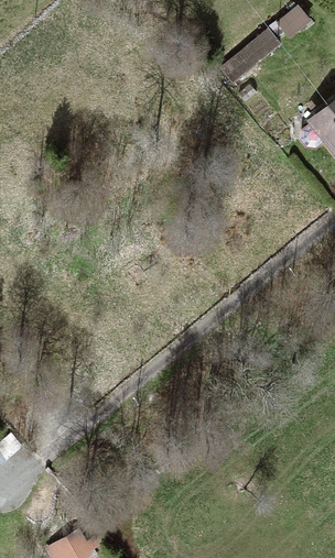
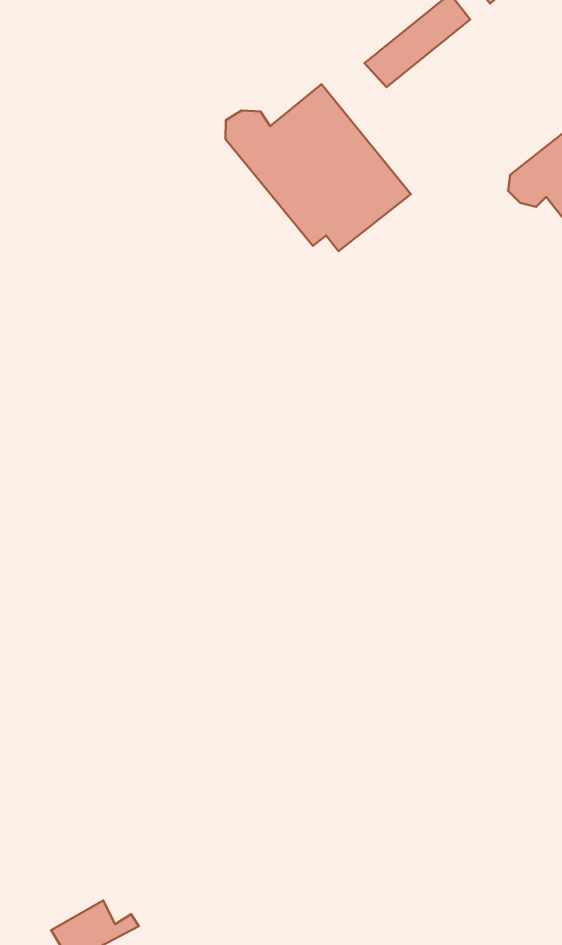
building: none -> [225,84,411,251]

